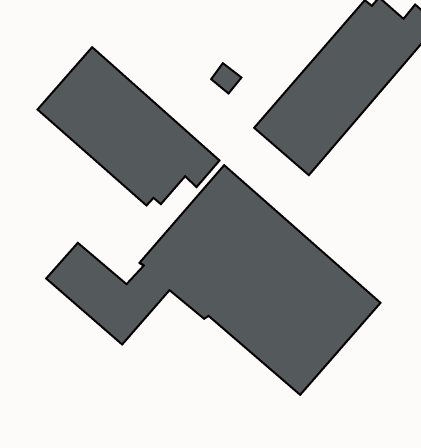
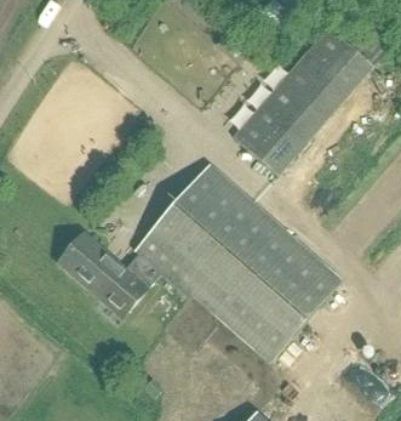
building: [38,47,220,205] -> none

